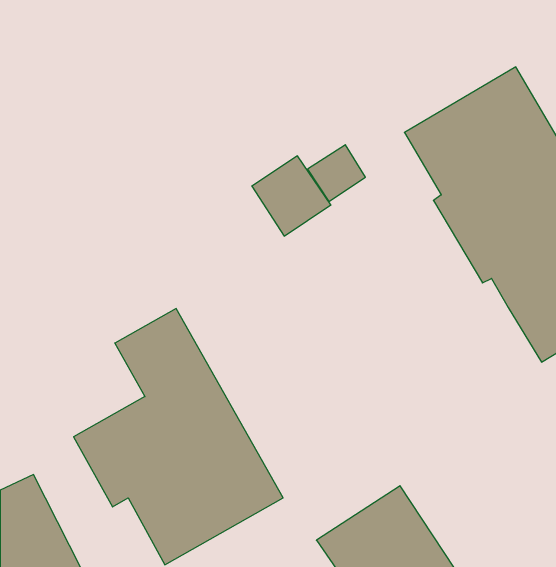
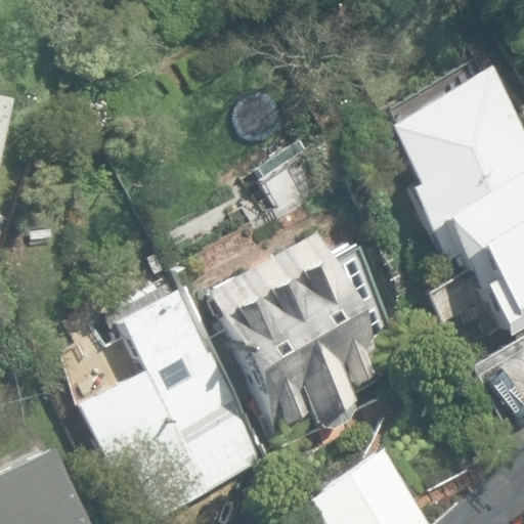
building: none -> [207,231,396,440]

